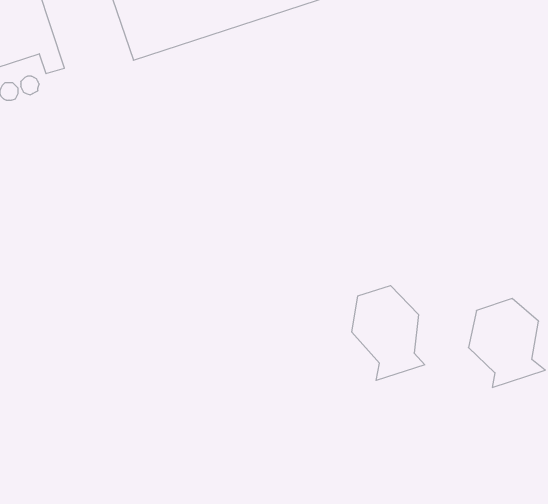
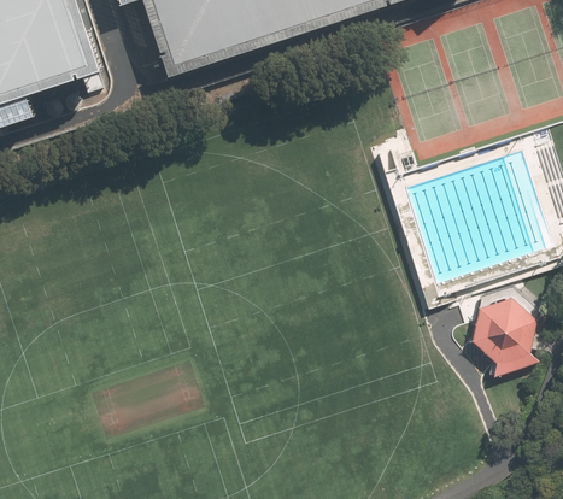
building: [352,286,425,380] -> none

